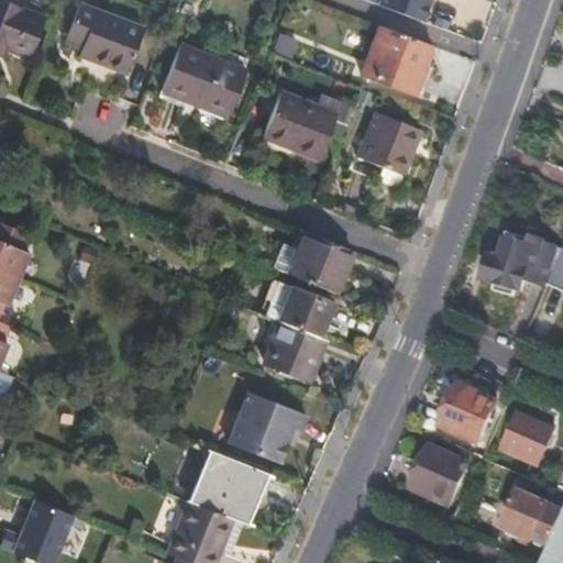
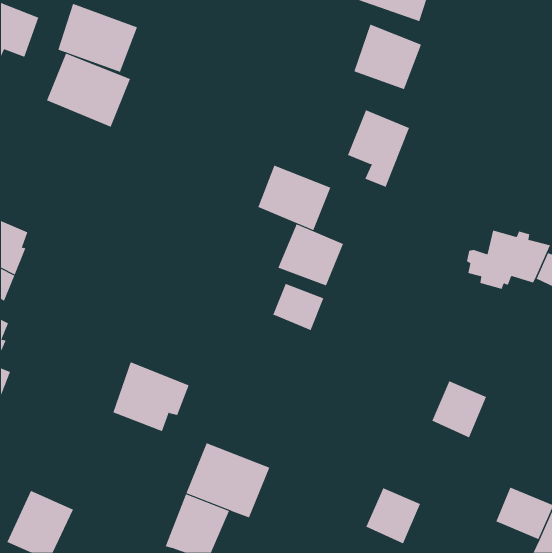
building: [158,43,244,119] -> [46,53,131,128]
building: [257,91,332,158] -> [257,165,331,231]
building: [263,320,324,378] -> none
building: [231,390,309,462] -> [113,361,190,432]
building: [501,412,554,466] -> none
building: [411,449,467,506] -> [366,488,421,544]

